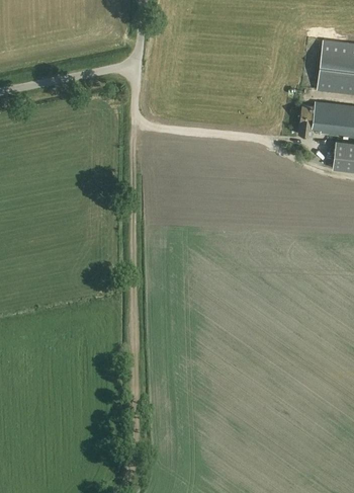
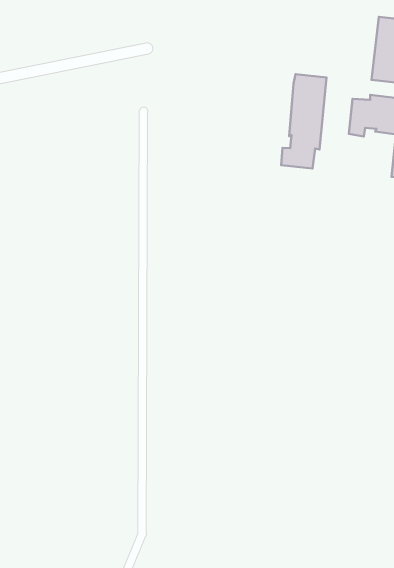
building: none -> [281,74,326,168]

